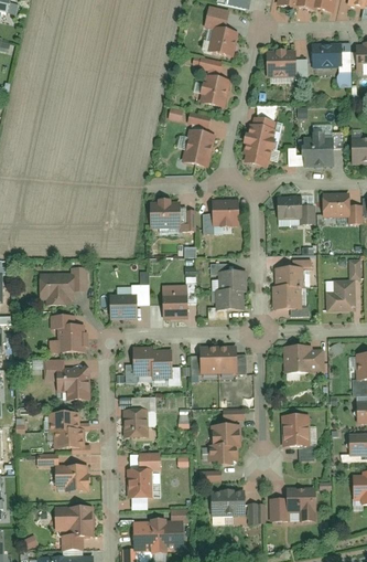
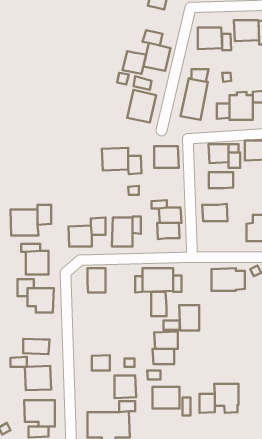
building: [209,28,238,55] -> [123,51,146,74]
building: [271,288,301,308] -> [209,172,233,188]
building: [153,348,172,378] -> [151,292,167,316]
building: [122,411,147,438] -> none
building: [283,413,307,444] -> [179,305,199,331]
building: [46,414,78,433] -> none
building: [126,470,152,498] -> [114,375,136,398]

